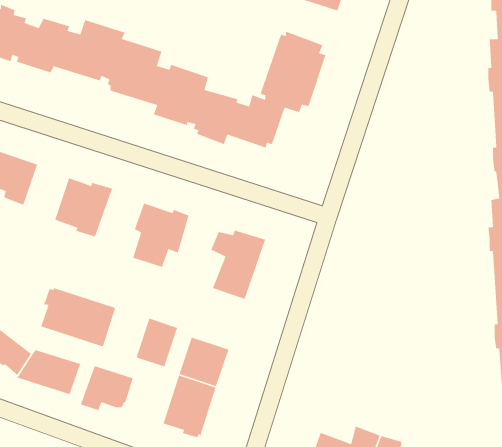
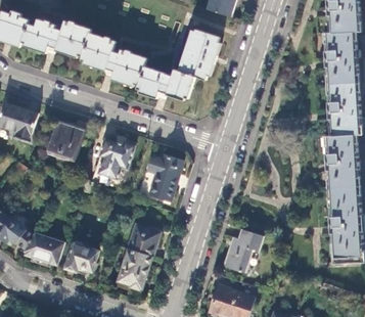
building: [40,287,116,347] -> none
building: [135,318,178,367] -> none
building: none -> [224,229,263,272]

